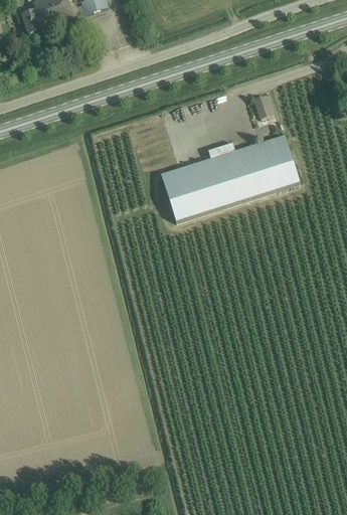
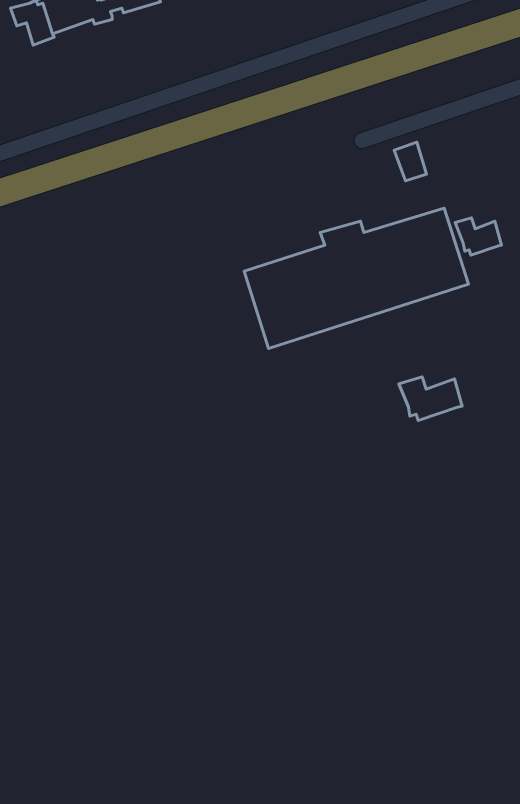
building: none -> [455,218,502,255]
building: none -> [399,377,462,420]

